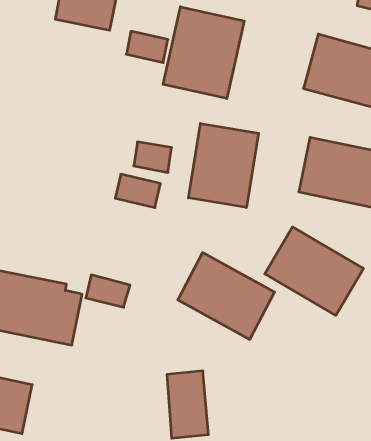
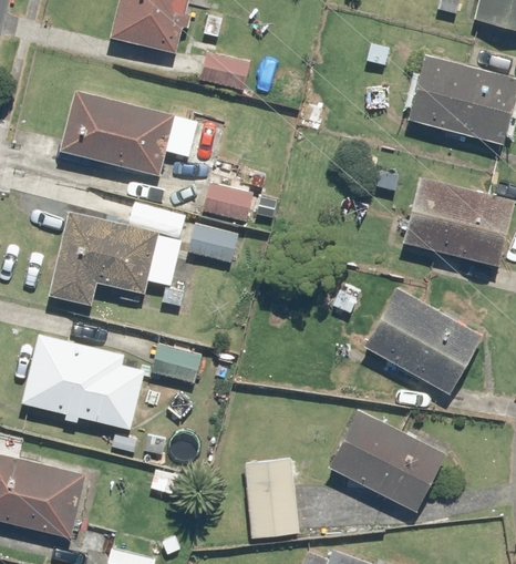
building: [163,7,244,99] -> none
building: none -> [60,91,197,176]
building: [188,123,259,208] -> none
building: none -> [52,204,185,307]
building: [178,253,275,339] -> [331,409,447,513]

